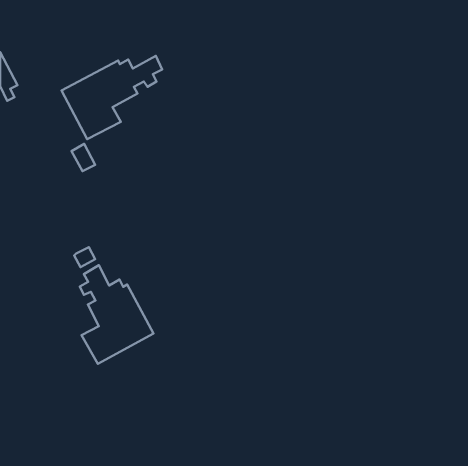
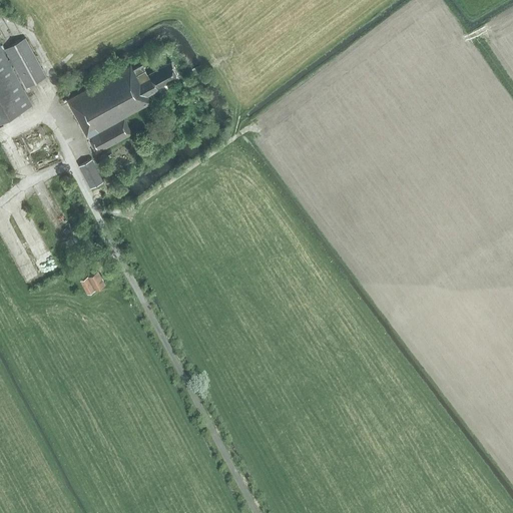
building: none -> [4,38,47,89]
building: [80,265,154,364] -> none

